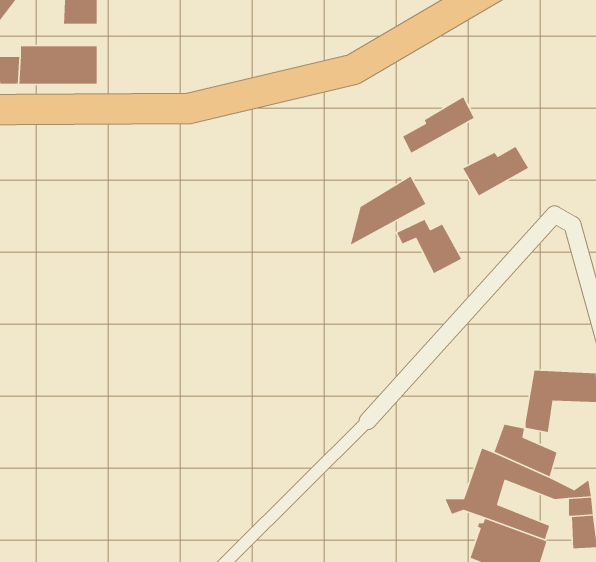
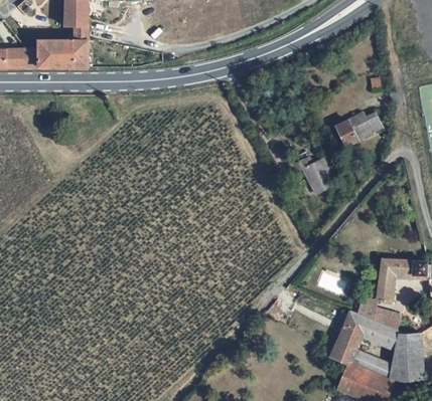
building: [402,96,475,154] -> none
building: [349,175,427,246] -> none

